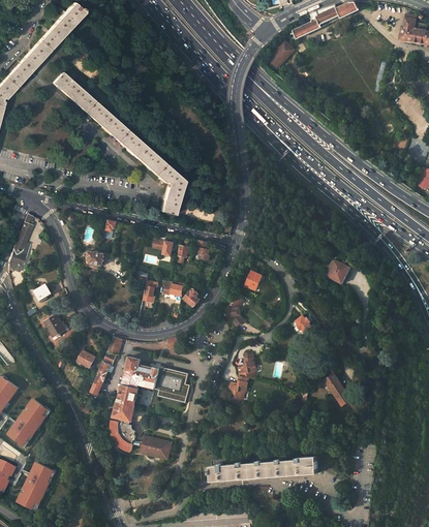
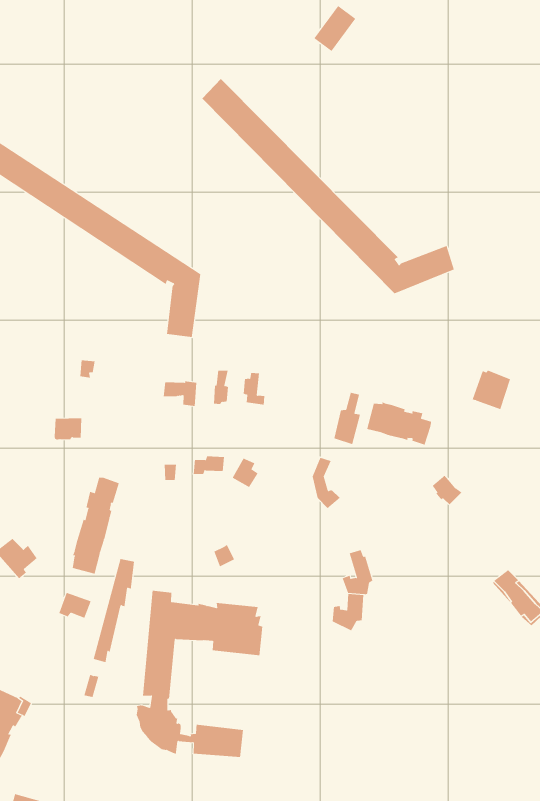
building: none -> [202,78,454,294]
building: none -> [367,401,432,446]
building: none -> [72,477,120,575]
building: [201,456,317,482] -> none

